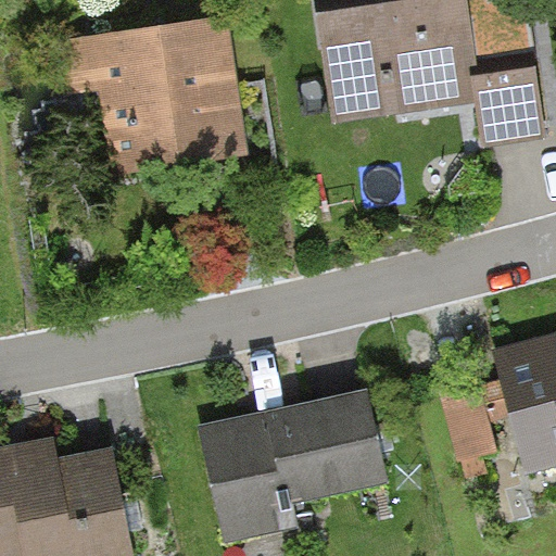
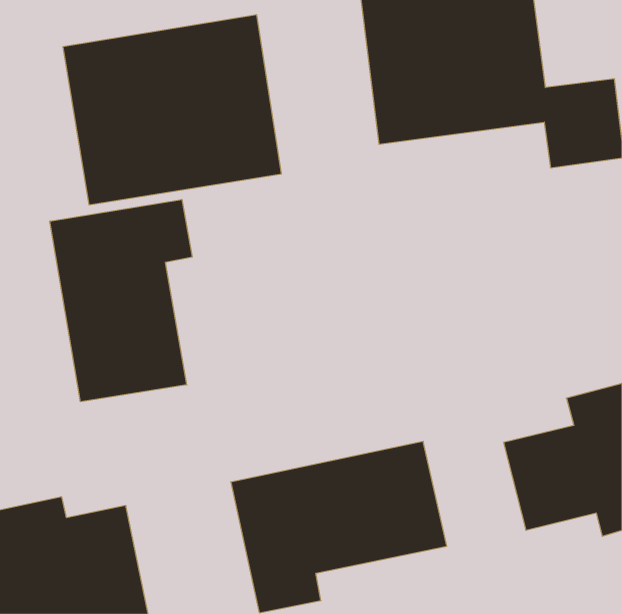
building: none -> [50,199,192,402]

